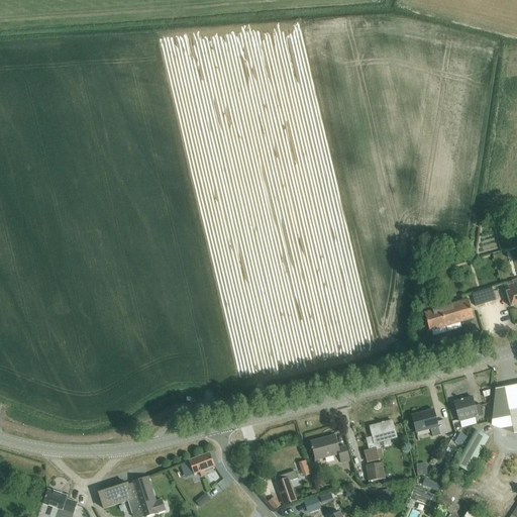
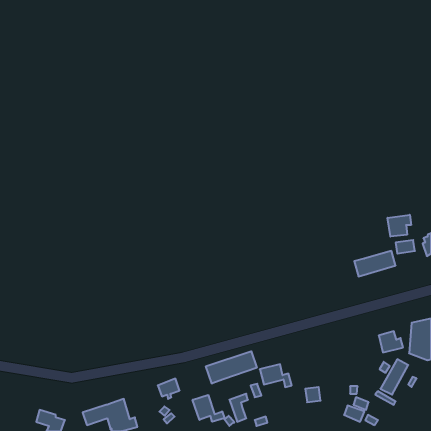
building: none -> [388,215,411,237]
building: [412,409,447,436] -> none
building: none -> [206,351,257,384]
building: [367,420,397,450] -> none
building: none -> [193,395,224,422]

